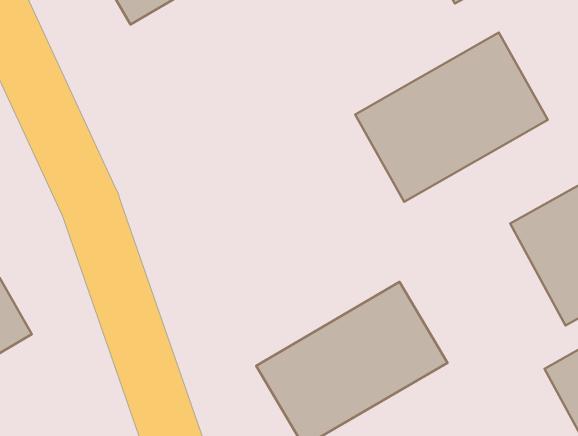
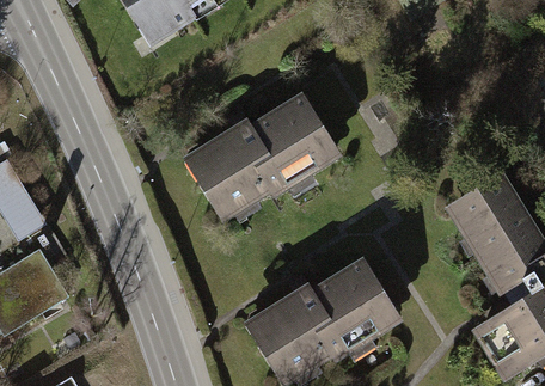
building: [355,33,548,202] -> none
building: none -> [186,94,335,222]

